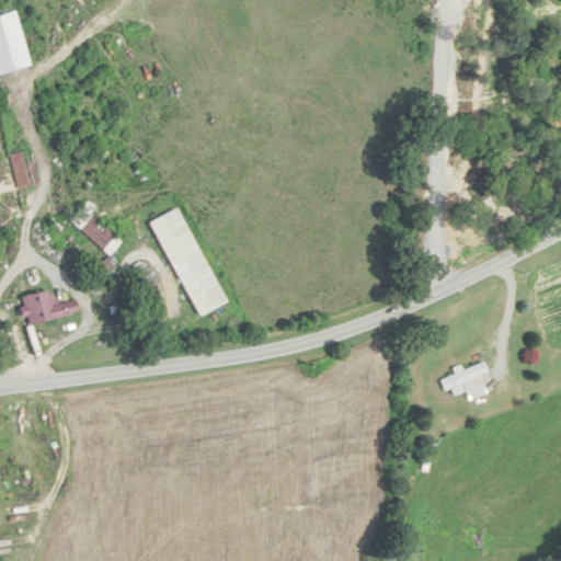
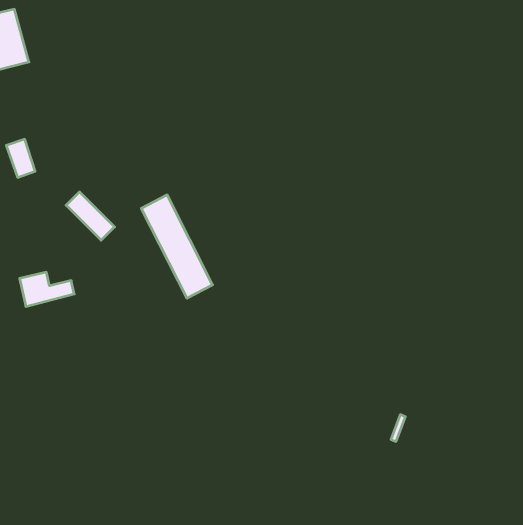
building: [435,362,490,399] -> none

